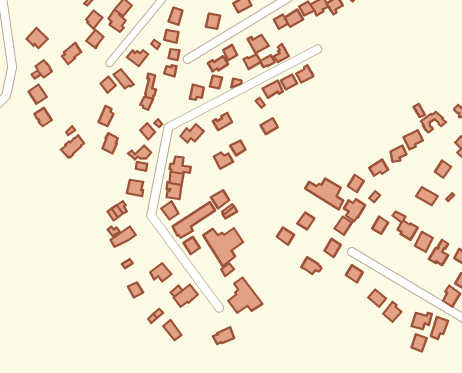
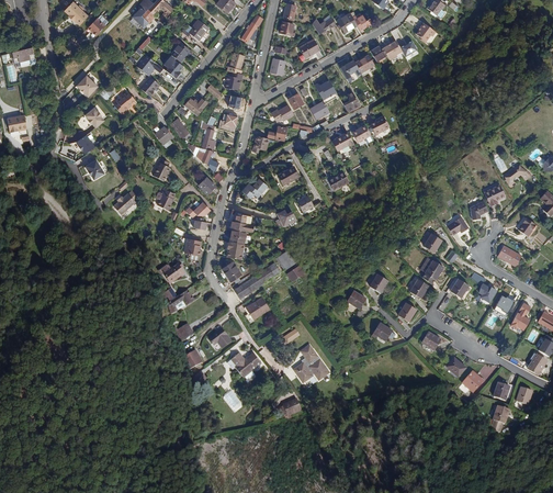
building: [305,178,343,210] -> none
building: [203,228,243,266] -> none

